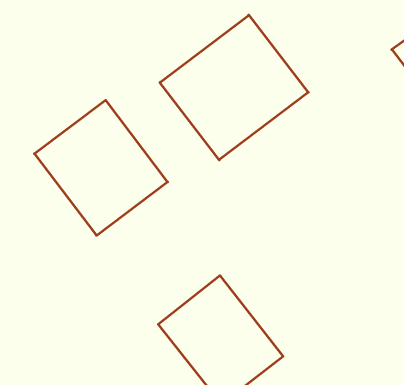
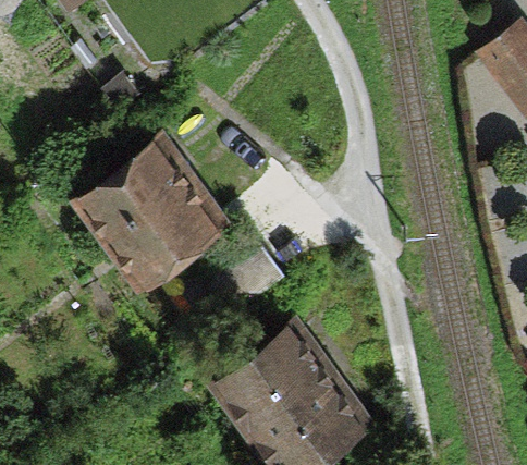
building: [160,15,308,160] -> none

